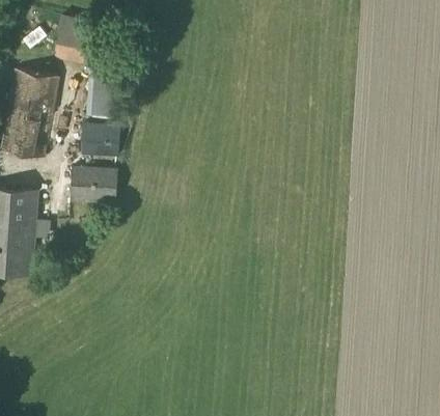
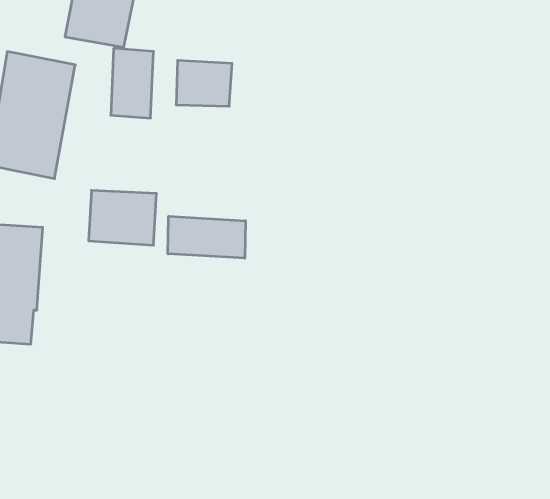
building: [81,123,120,156] -> [176,60,232,106]
building: none -> [168,216,245,258]

